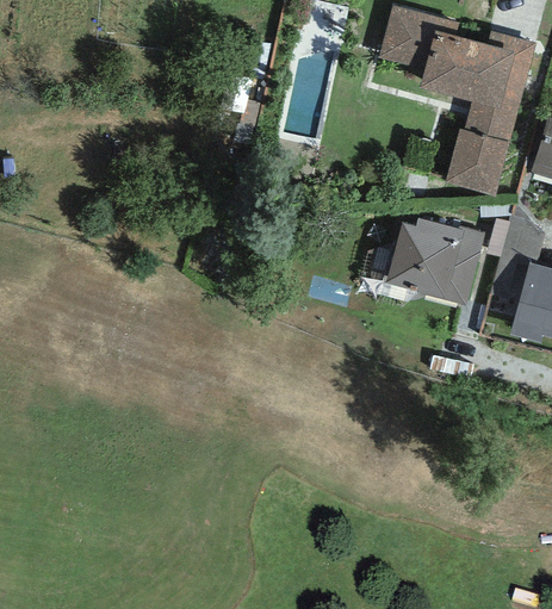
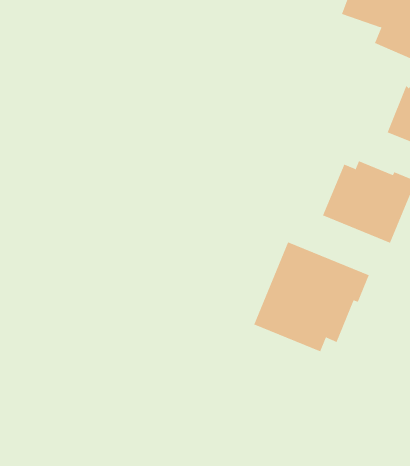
building: none -> [254,242,370,352]

